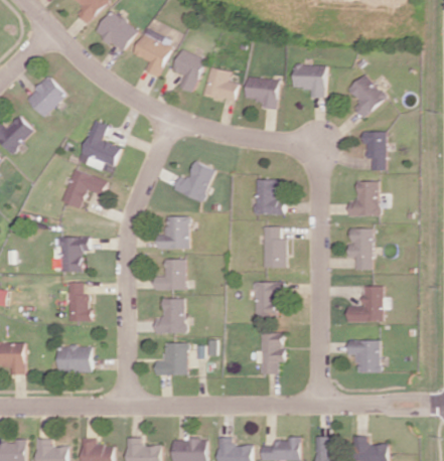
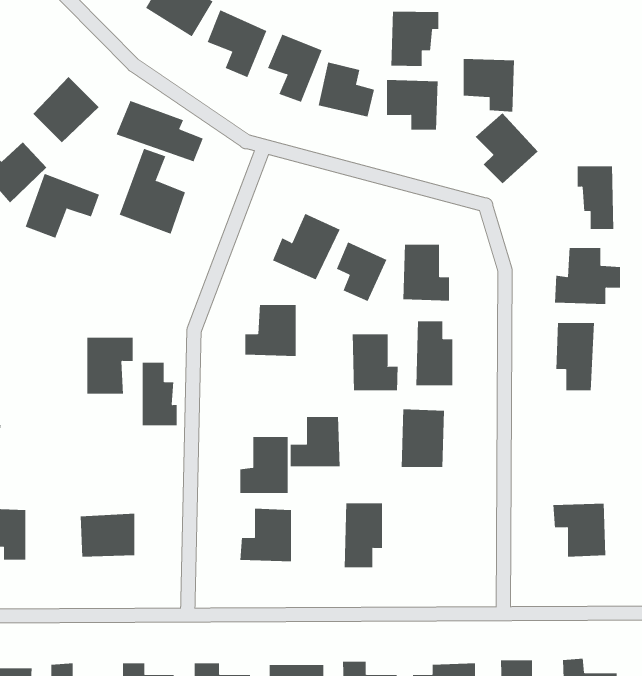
building: none -> [391,11,439,67]
building: [346,73,386,118] -> [475,112,538,184]
building: none -> [116,100,204,162]
building: [62,168,109,208] -> [25,173,100,238]
building: none -> [336,242,387,302]
building: none -> [352,333,398,391]
building: [154,259,185,290] -> [290,416,340,467]
building: [67,282,90,321] -> [142,362,178,426]
building: [347,286,384,321] -> none
building: [260,333,284,373] -> [344,503,383,568]

